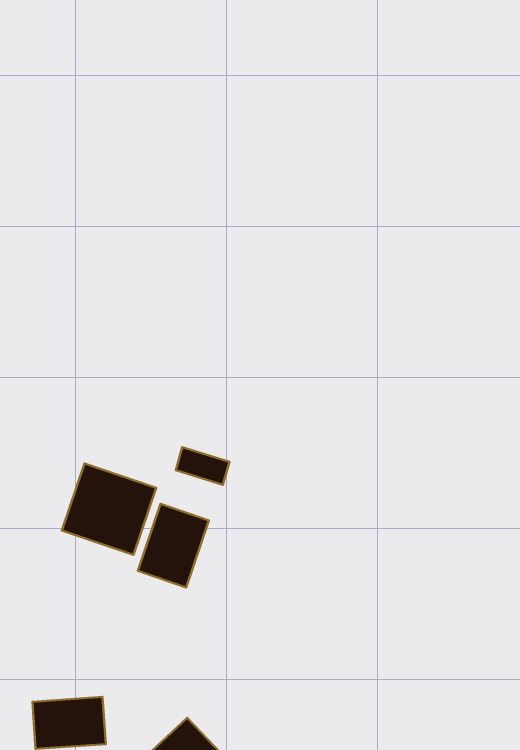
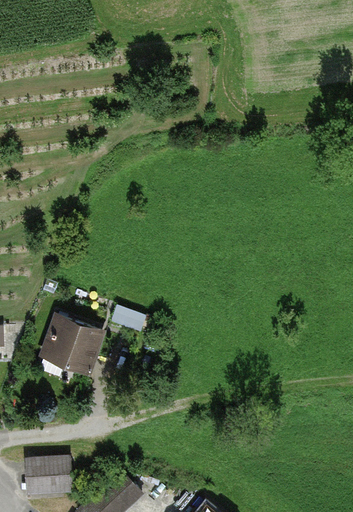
building: [138,504,209,587] -> none

